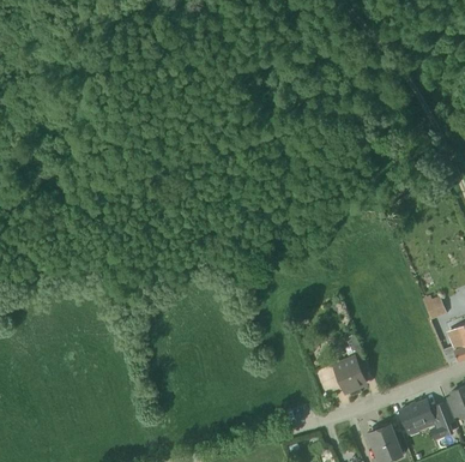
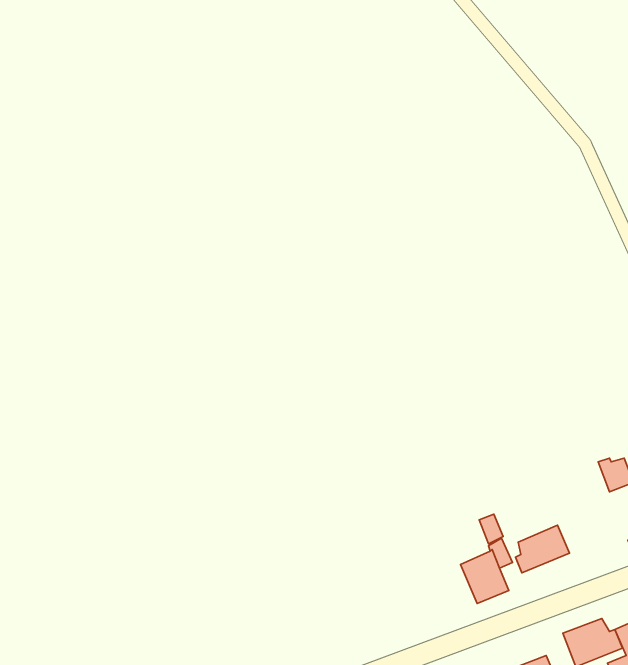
building: none -> [515,525,569,573]

